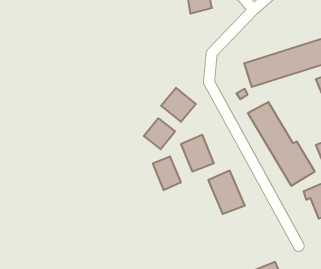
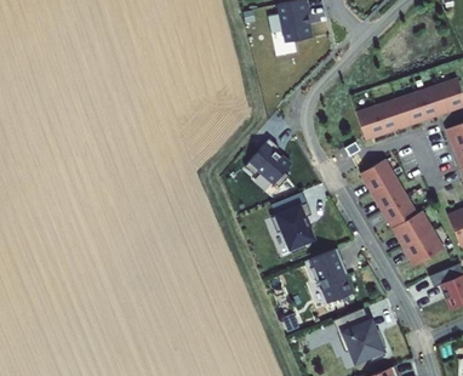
building: [144,118,175,149] -> none
building: [153,156,181,190] -> none
building: none -> [335,308,388,364]

